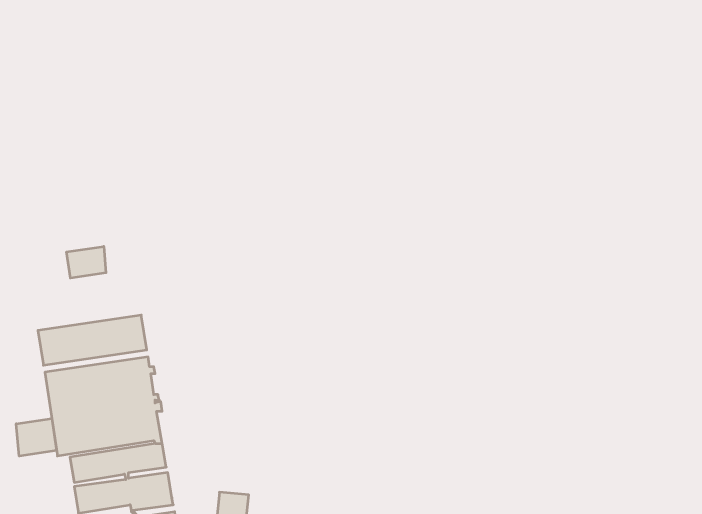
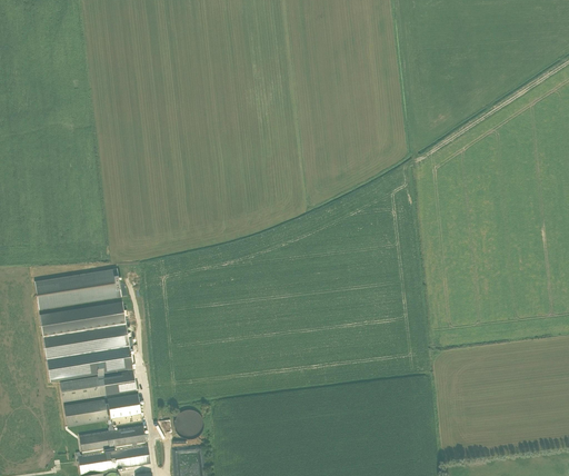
building: [67,246,106,278] -> none
building: [16,418,57,456] -> none

